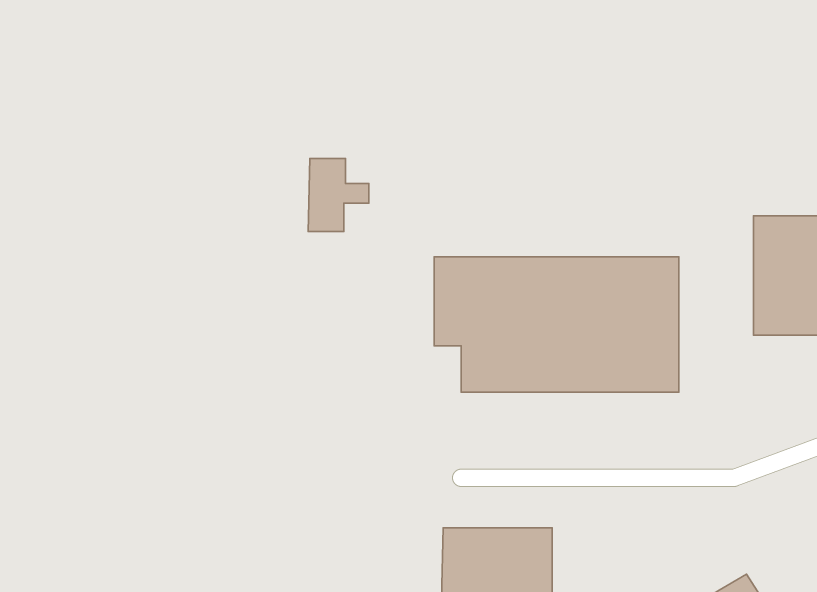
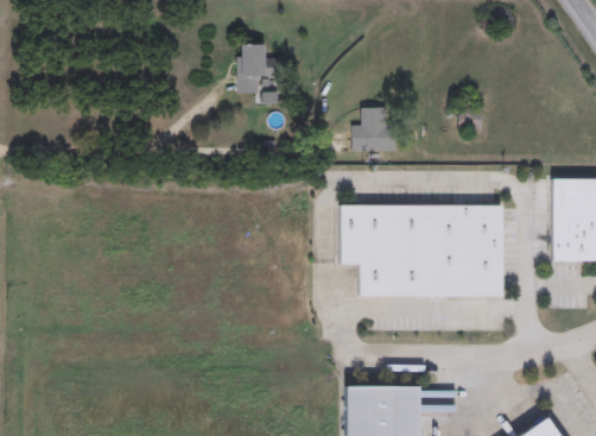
building: none -> [353,107,398,151]
building: [308,159,369,232] -> [240,44,280,93]

